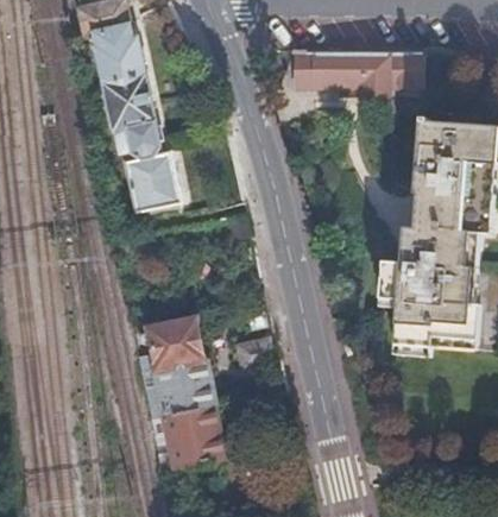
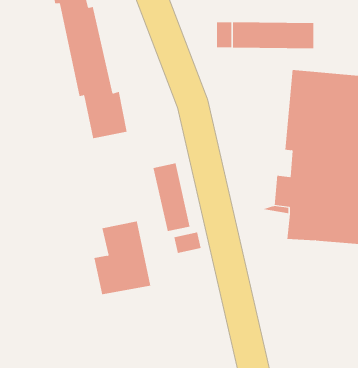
building: none -> [153,163,190,232]
building: [146,403,222,462] -> none

